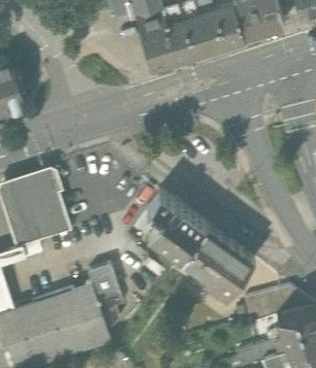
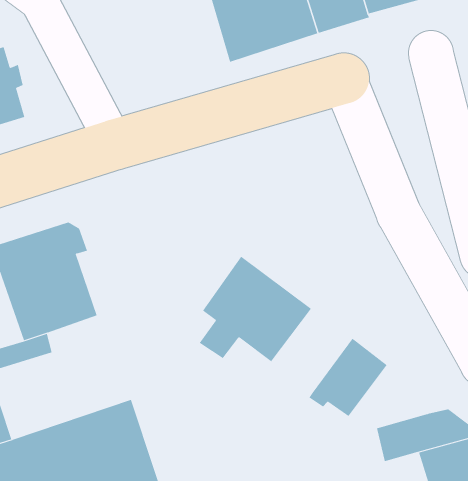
building: [180,226,231,279] -> none
building: [87,265,122,330] -> none

